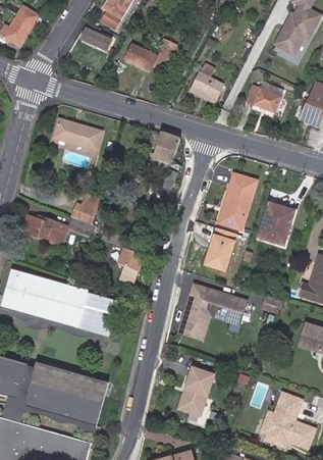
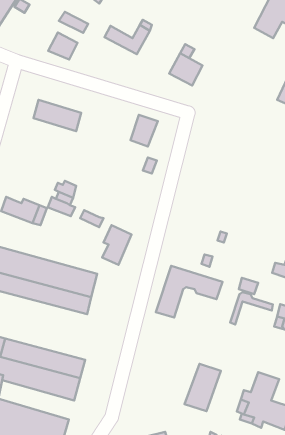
building: none -> [48,33,77,60]
building: [247,83,282,111] -> none
building: [216,170,256,229] -> none
building: [257,204,292,245] -> none
building: [204,233,236,270] -> none
building: [196,307,238,340] -> [230,292,273,325]
building: [175,369,212,417] -> [184,364,221,411]

